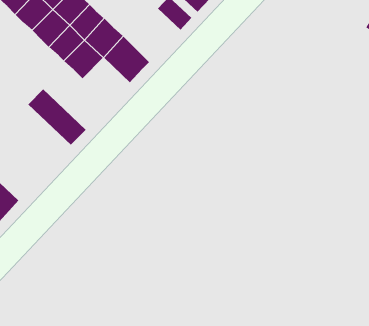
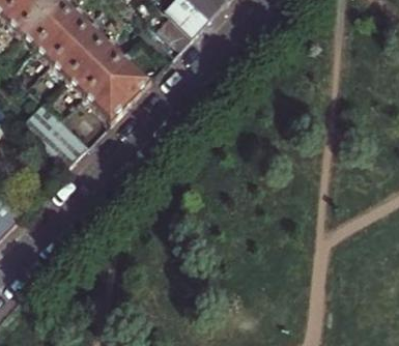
building: none -> [83,76,130,122]

